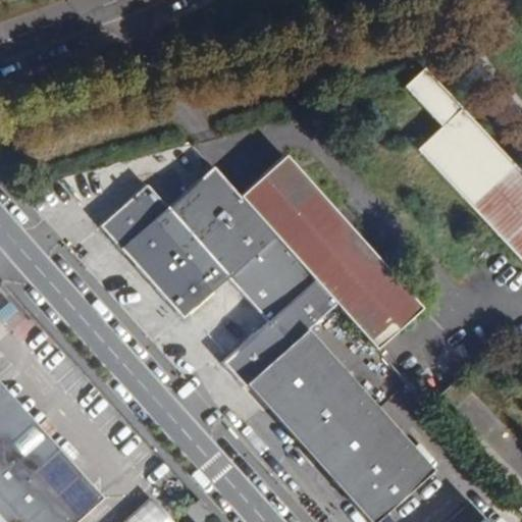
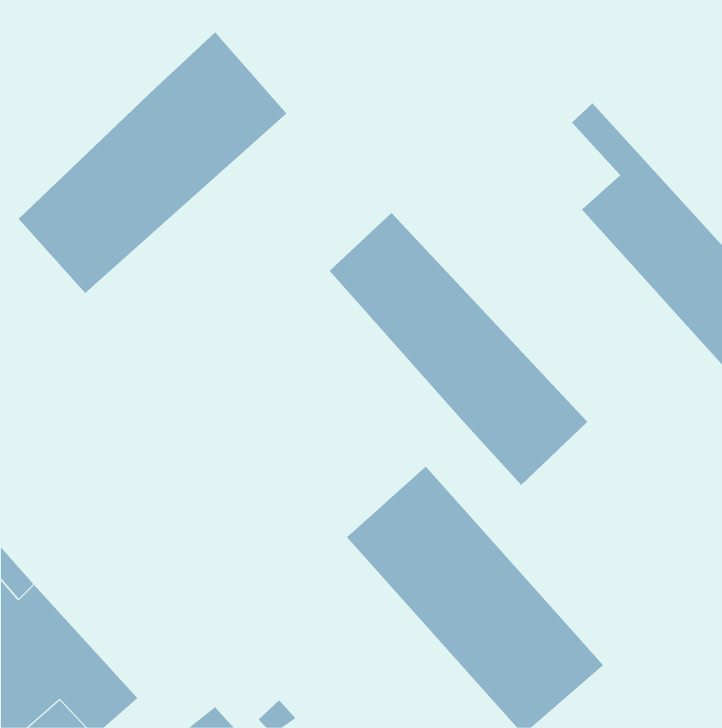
building: none -> [18,31,287,294]
building: [101,163,335,384] -> none

